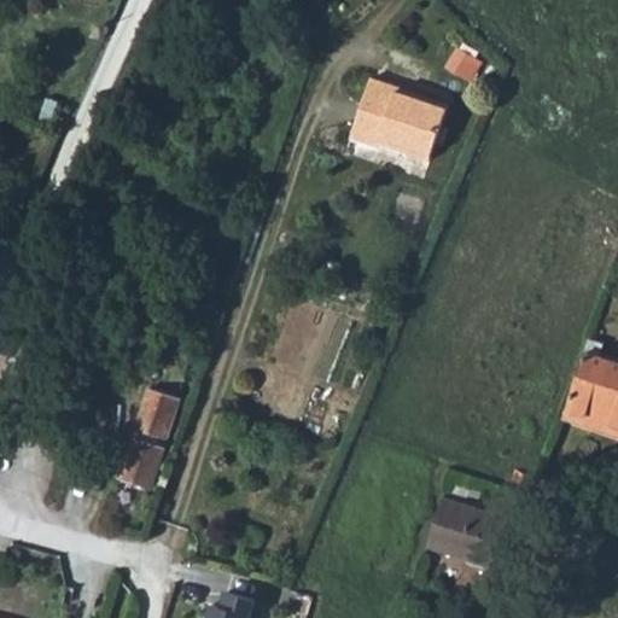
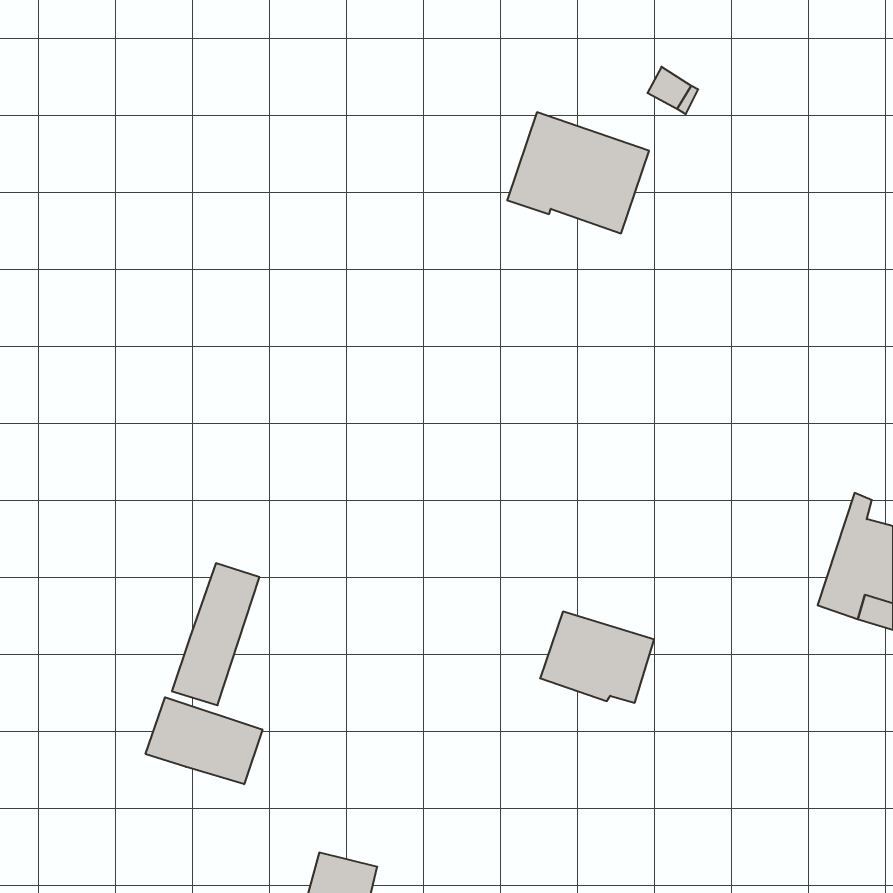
building: none -> [146,697,262,784]
building: [426,501,505,564] -> [540,612,654,703]

